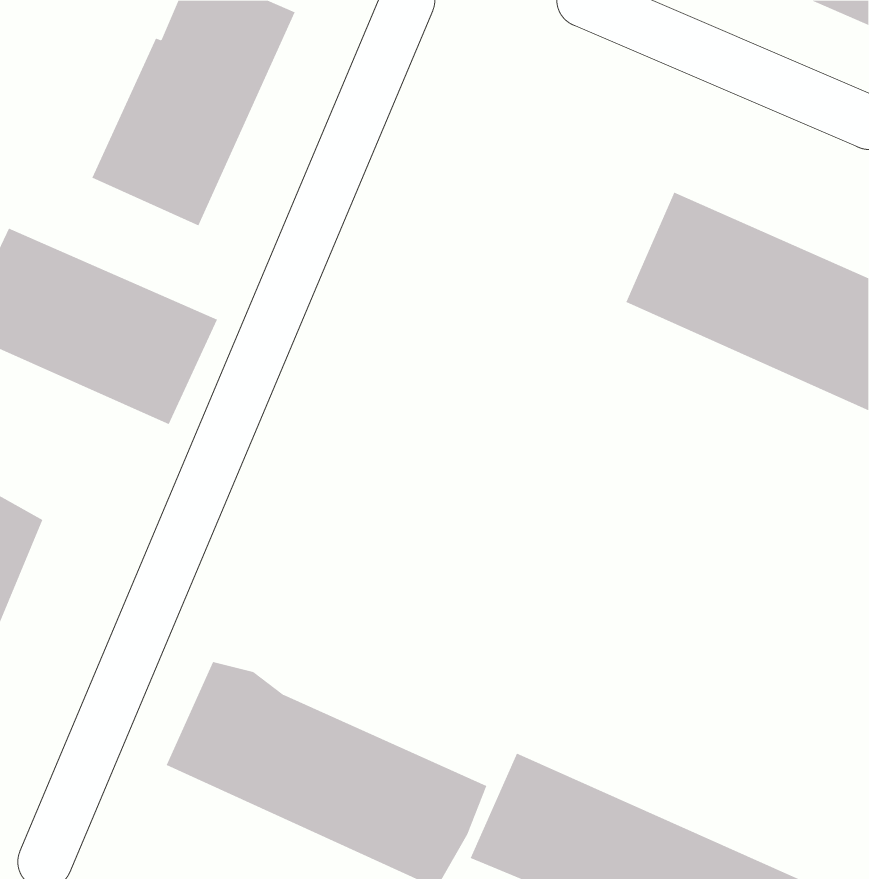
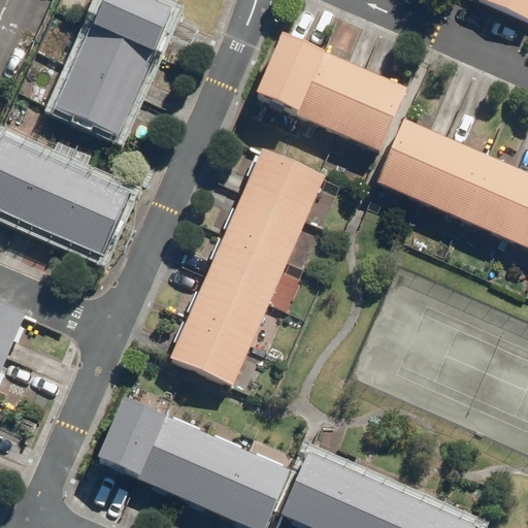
building: none -> [248,30,396,148]
building: none -> [170,150,326,387]

